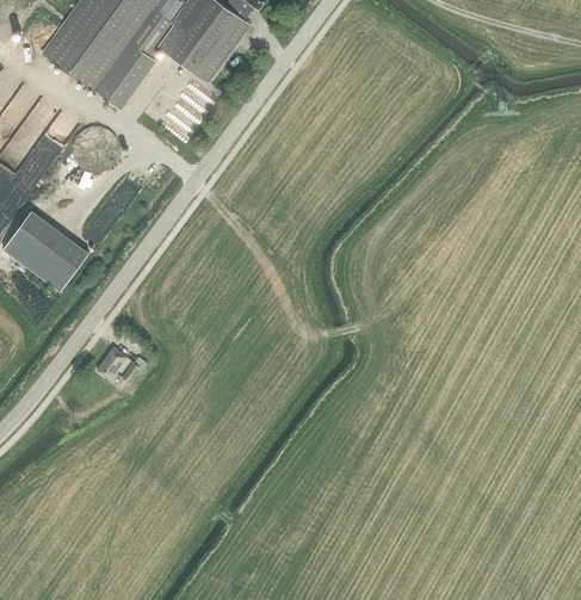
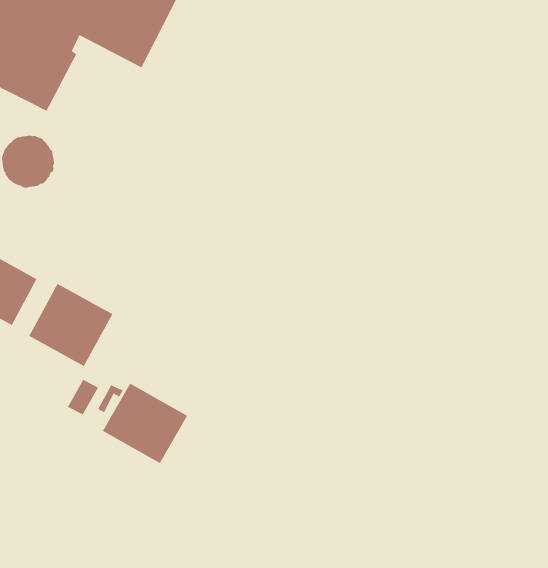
building: none -> [28,283,113,367]
building: none -> [102,382,188,464]

